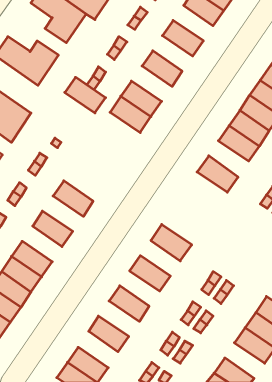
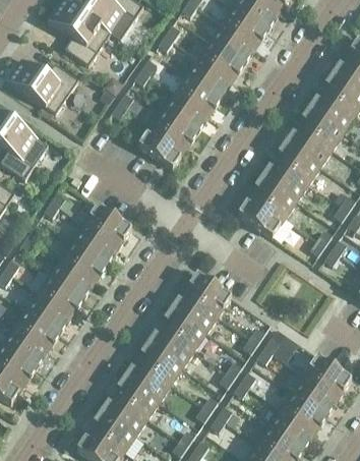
building: none -> [209,23,255,64]
building: none -> [186,58,232,99]
building: [65,77,106,113] -> [162,93,208,133]
building: none -> [250,178,296,220]
building: none -> [84,206,131,247]
building: none -> [60,241,107,282]
building: none -> [37,276,82,316]
building: none -> [172,292,218,333]
building: none -> [148,327,194,367]
building: none -> [124,361,171,402]
building: none -> [101,396,146,438]
building: none -> [268,409,314,450]

